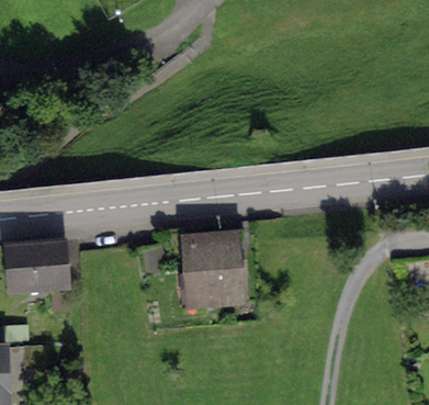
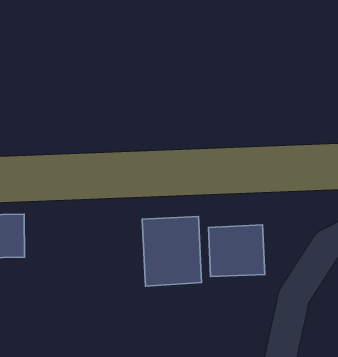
building: none -> [208,225,265,276]

